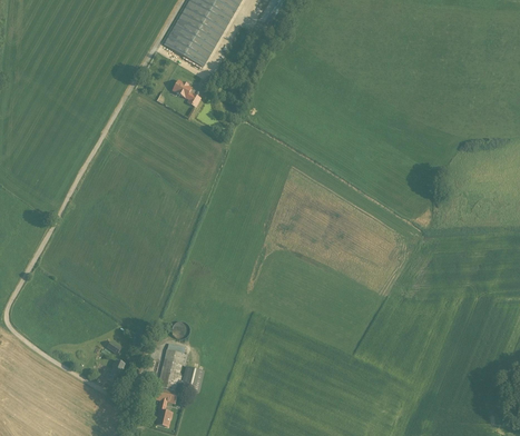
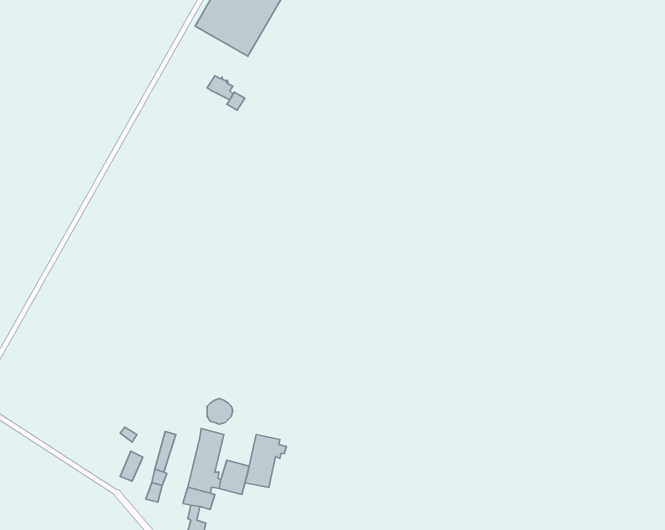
building: none -> [245,435,287,488]

